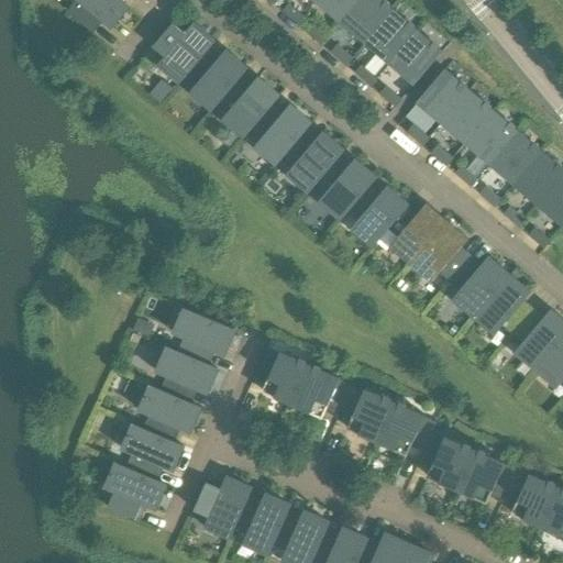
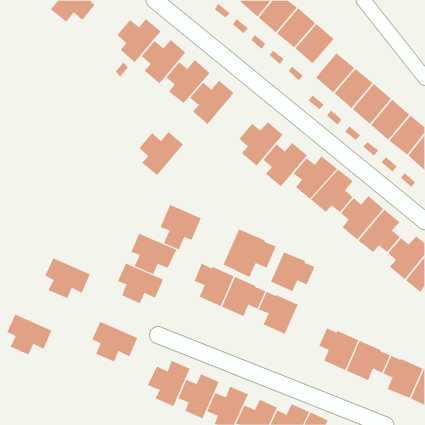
building: [275,123,343,192] -> [132,124,184,176]
building: none -> [155,204,201,253]
building: none -> [223,228,276,278]
building: [132,386,199,446] -> [40,258,90,303]
building: [377,402,437,457] -> [270,252,315,293]
building: [104,463,165,518] -> [6,314,52,355]

